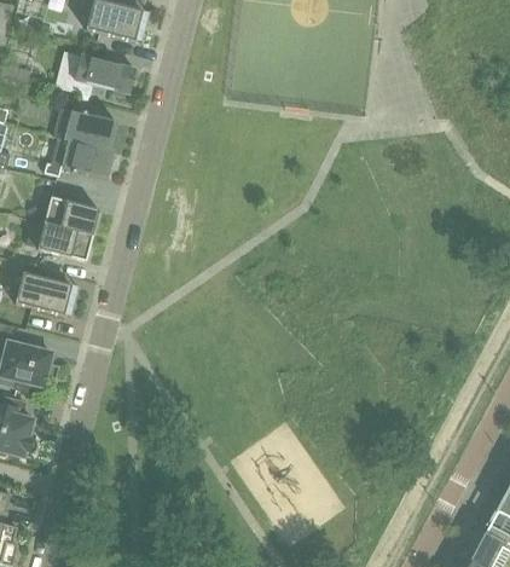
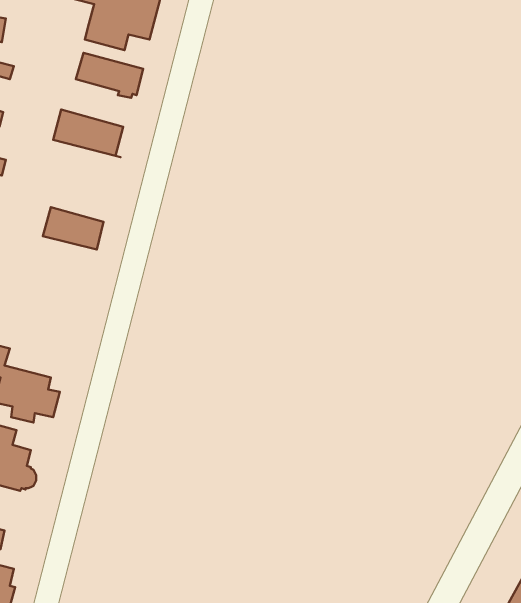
building: [42,134,115,178] -> none
building: [25,220,93,261] -> none
building: [15,272,71,314] -> none

